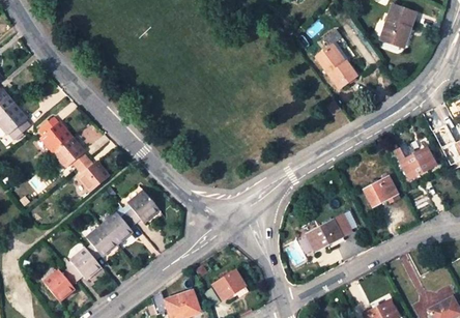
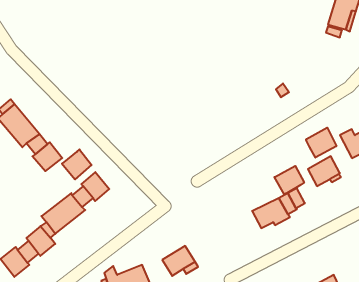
building: [318,45,358,89] -> none
building: none -> [306,128,336,158]
building: none -> [62,149,92,179]
building: none -> [274,166,304,194]

